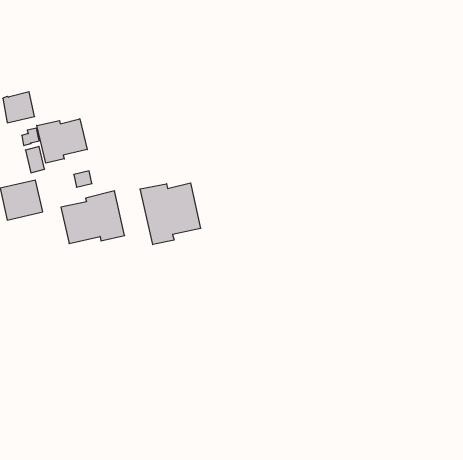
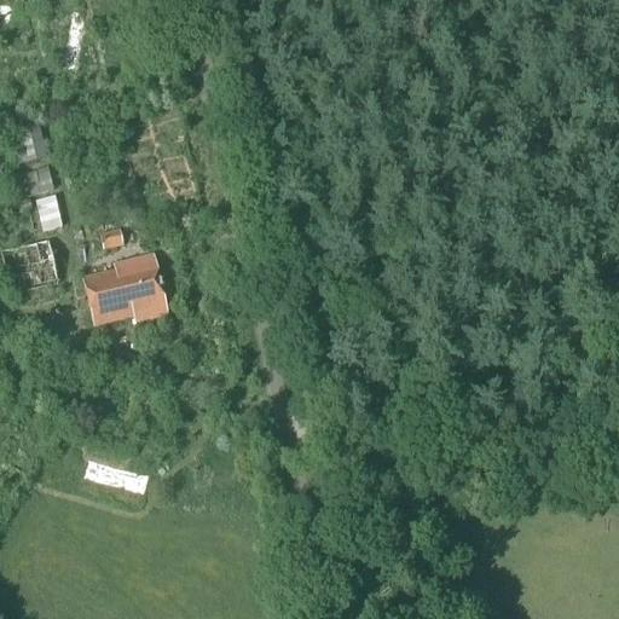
building: [37,119,87,163] -> none
building: [140,183,201,245] -> none

